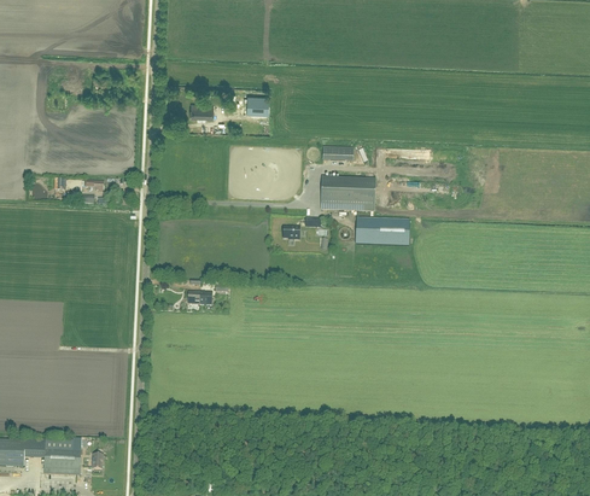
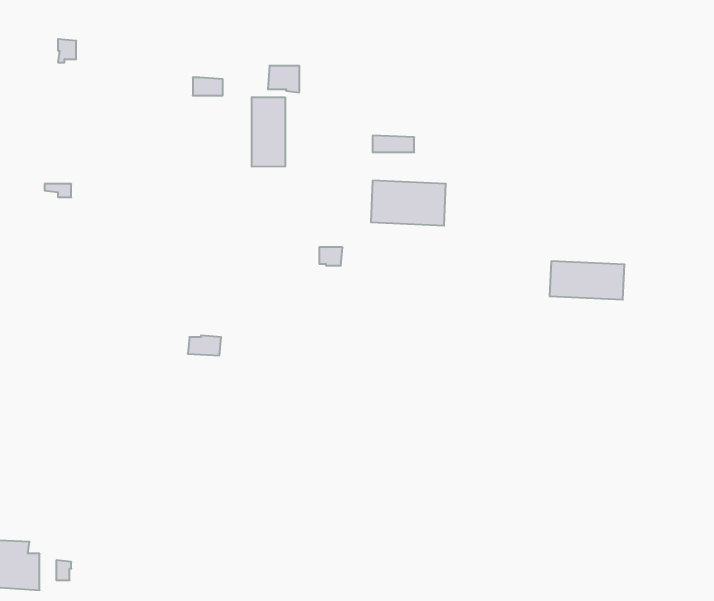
building: none -> [252,97,285,167]
building: [356,217,410,245] -> [550,261,625,300]

